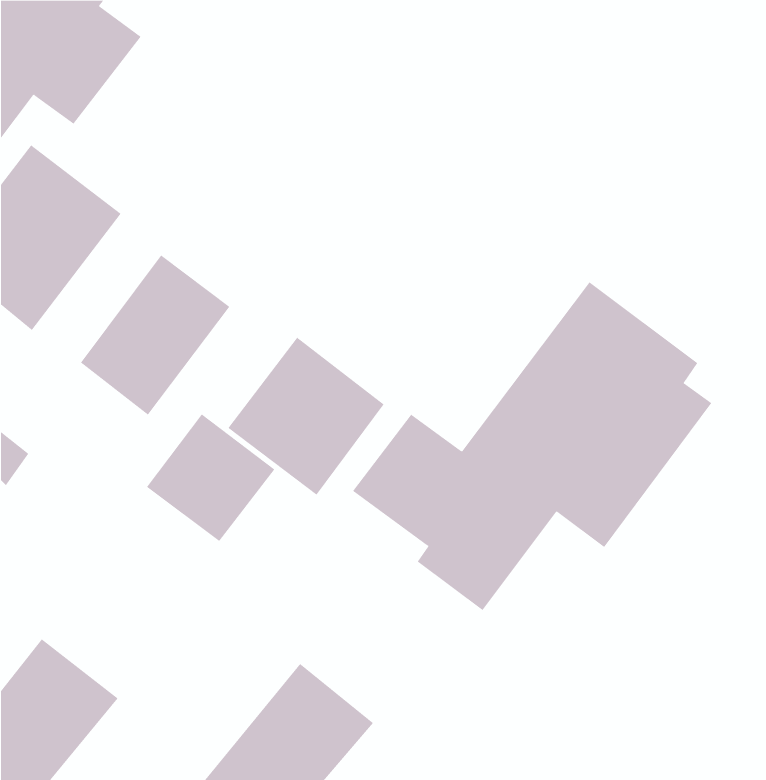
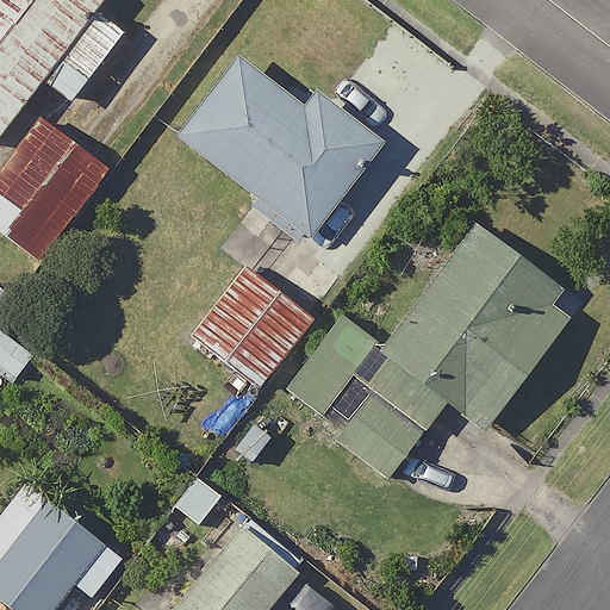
building: none -> [172,50,381,247]
building: [80,255,230,415] -> none
building: [146,413,275,542] -> none

